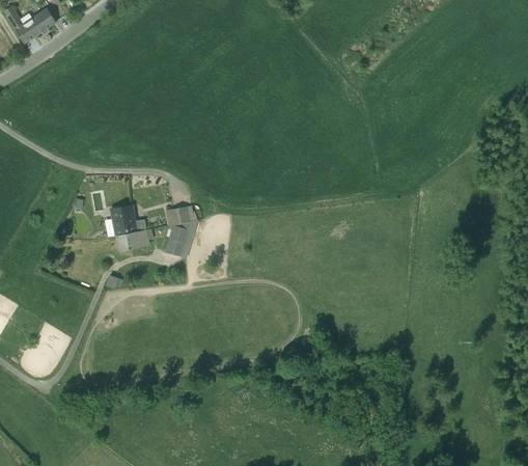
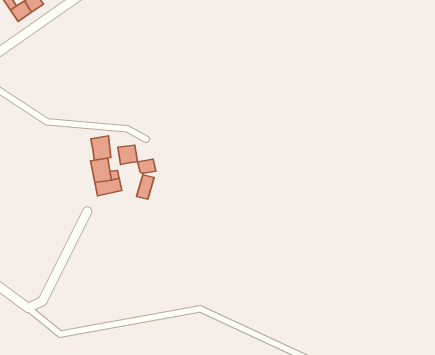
building: none -> [91,136,111,160]
building: none -> [118,145,138,164]

